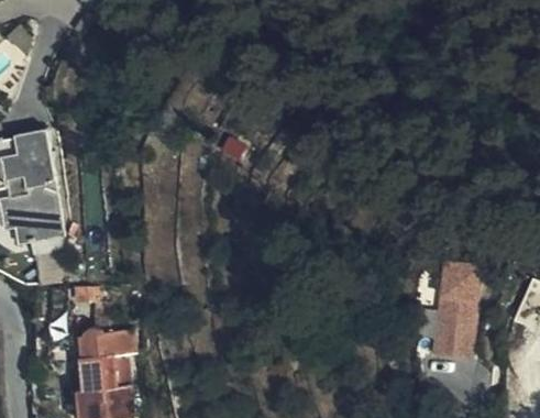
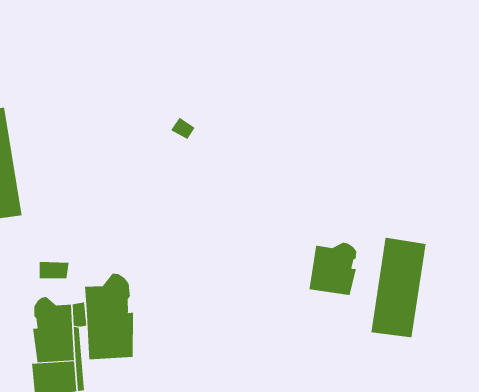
building: none -> [309,242,357,296]
building: none -> [85,273,133,360]

